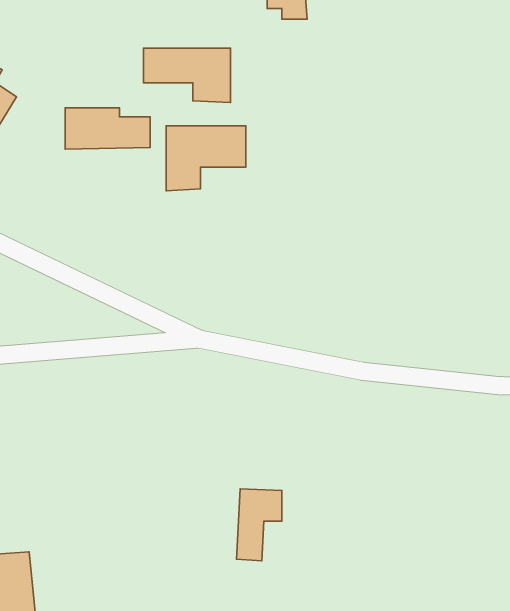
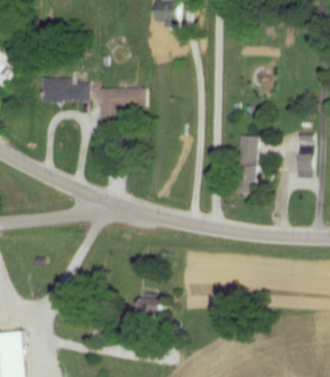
building: [144,48,231,102] -> none
building: none -> [237,135,257,193]

